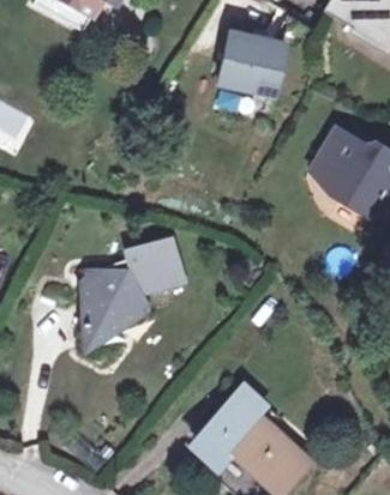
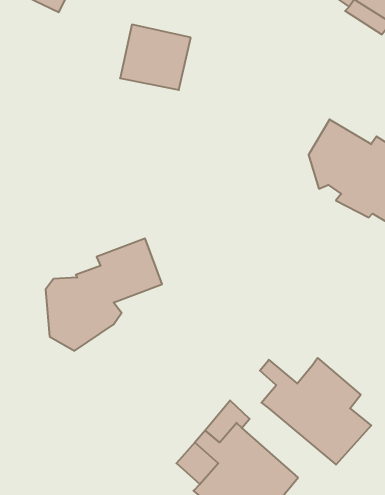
building: [217,32,282,92] -> [120,25,191,90]
building: none -> [260,358,371,465]

